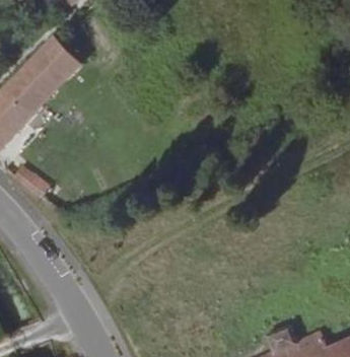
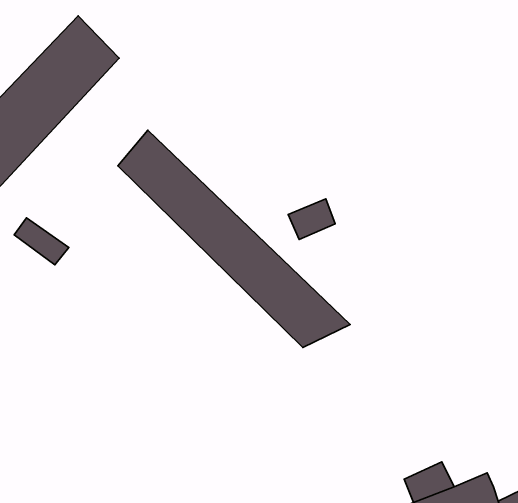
building: none -> [118,130,350,347]

